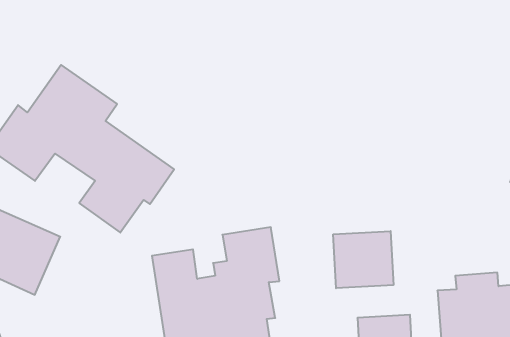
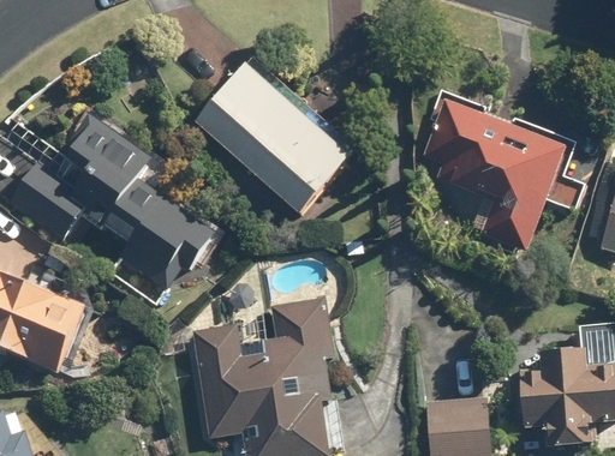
building: none -> [193,64,351,215]
building: none -> [424,89,587,253]
building: [333,231,393,288] -> none

